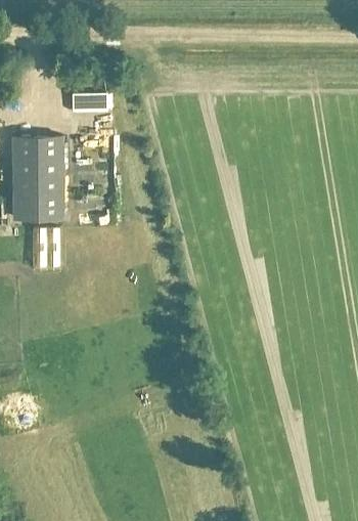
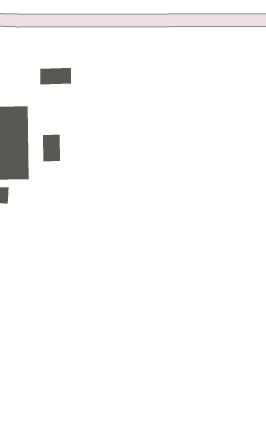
building: none -> [43,134,60,162]

